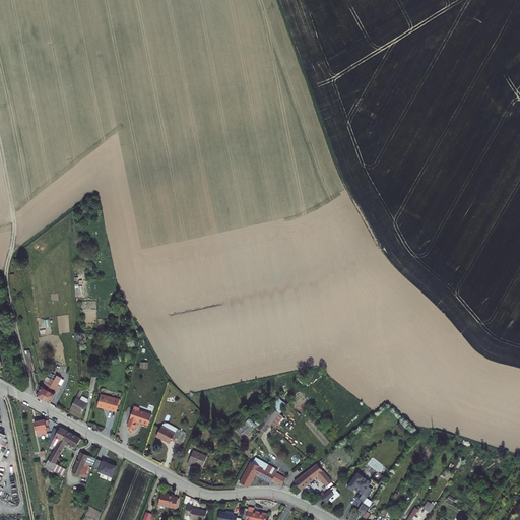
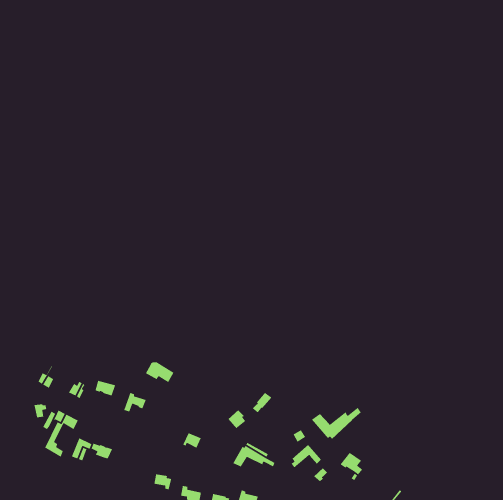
building: none -> [311,407,362,440]
building: [155,424,186,446] -> [145,362,174,383]

